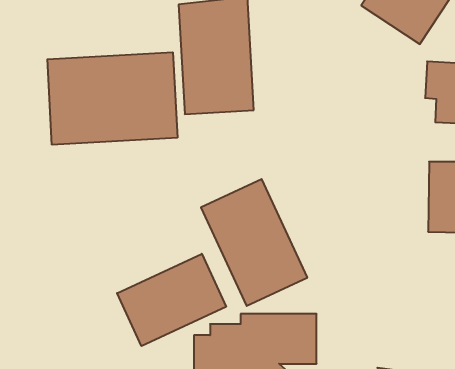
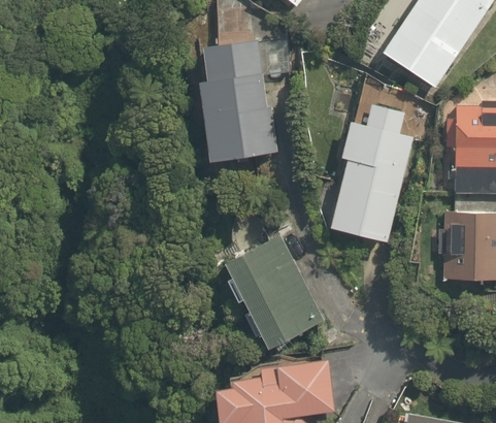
building: none -> [327,89,426,241]
building: [47,52,177,145] -> none
building: [117,254,226,346] -> none

